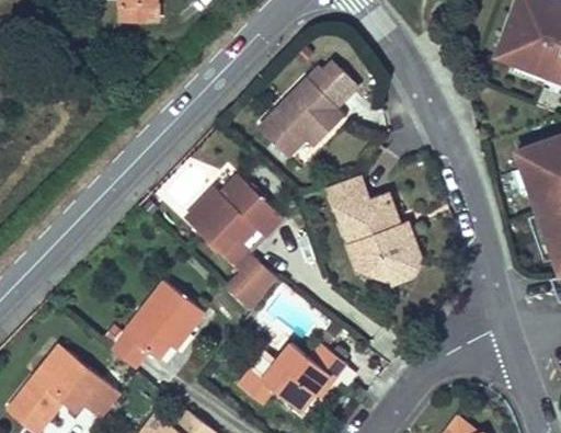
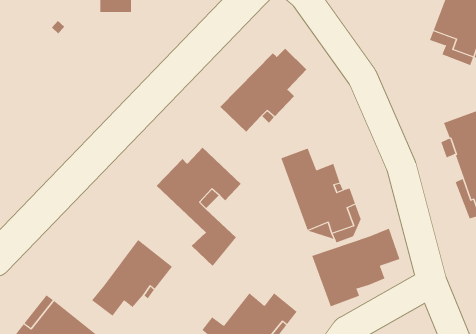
building: none -> [311,228,400,307]

